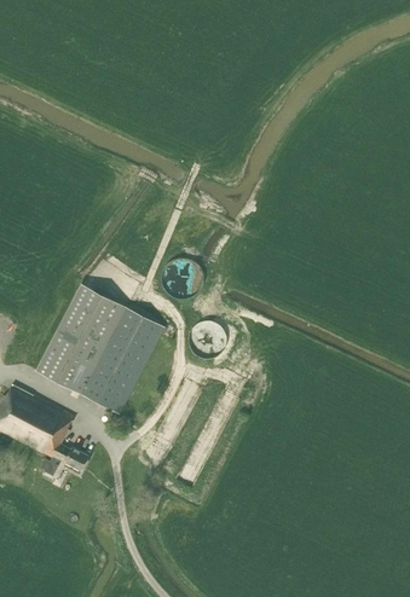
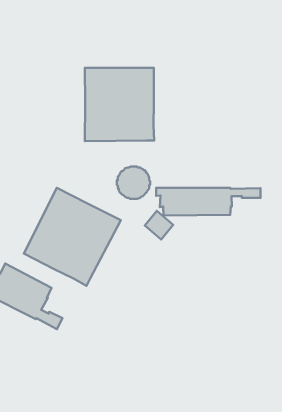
building: none -> [85,68,154,141]
building: none -> [156,188,260,216]

